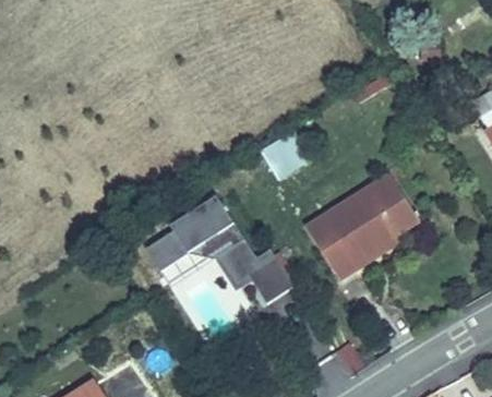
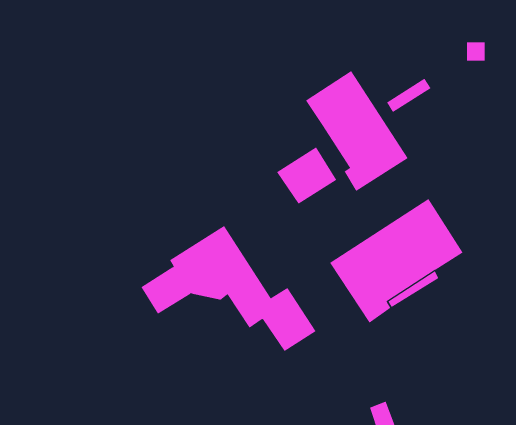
building: none -> [305,70,408,192]

